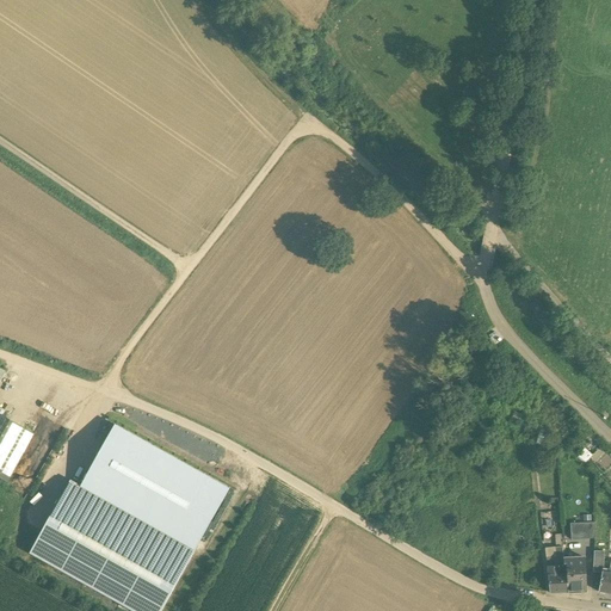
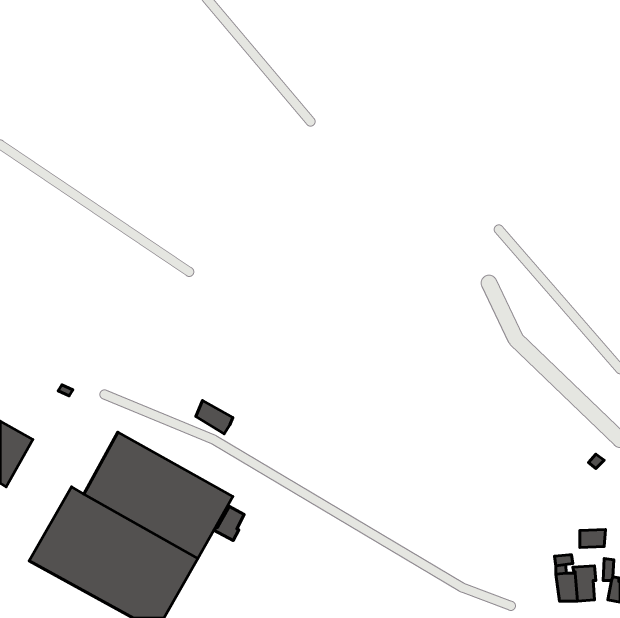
building: none -> [196,401,233,434]
building: none -> [214,507,244,540]

